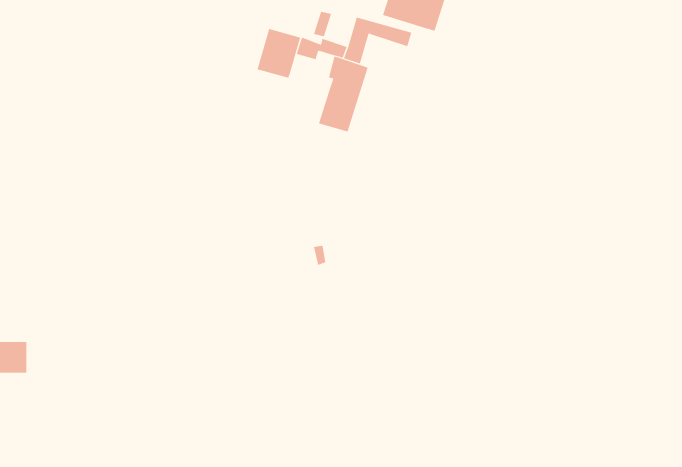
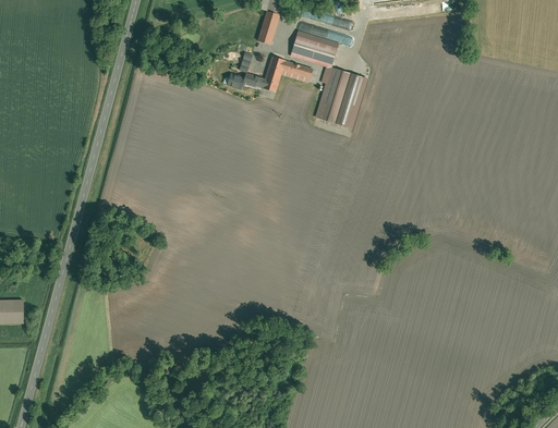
building: [257,28,301,79] -> none
building: [318,56,368,132] -> [316,65,354,123]

